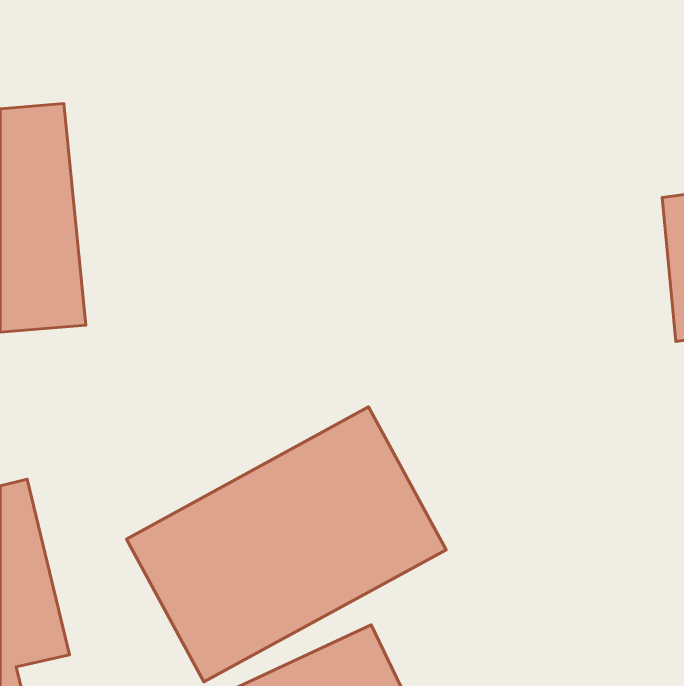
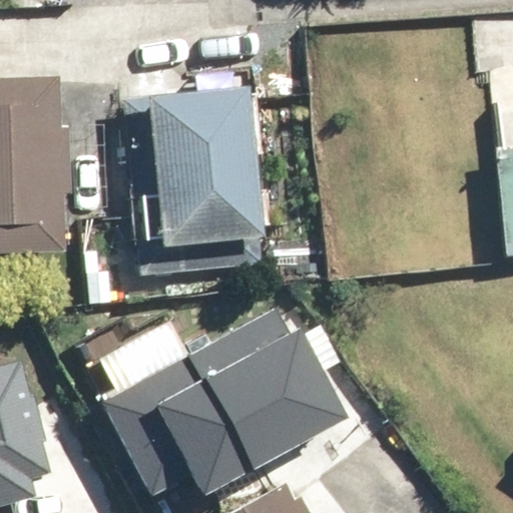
building: none -> [120,99,264,265]

